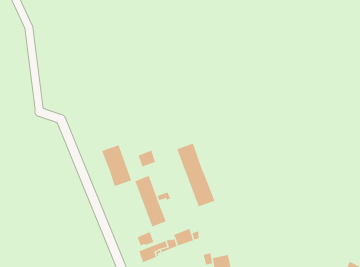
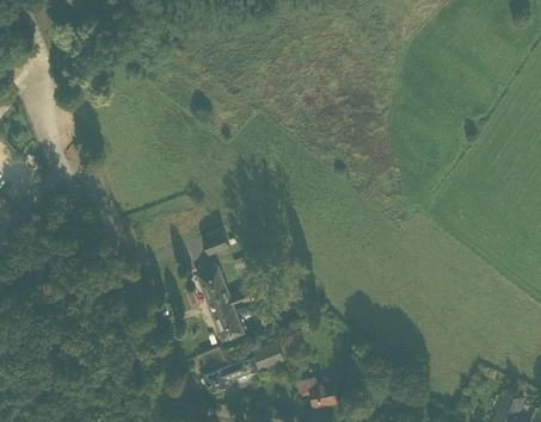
building: [176,143,215,207] -> none
building: [102,144,132,187] -> none

